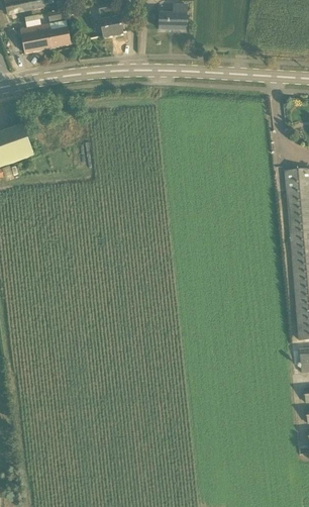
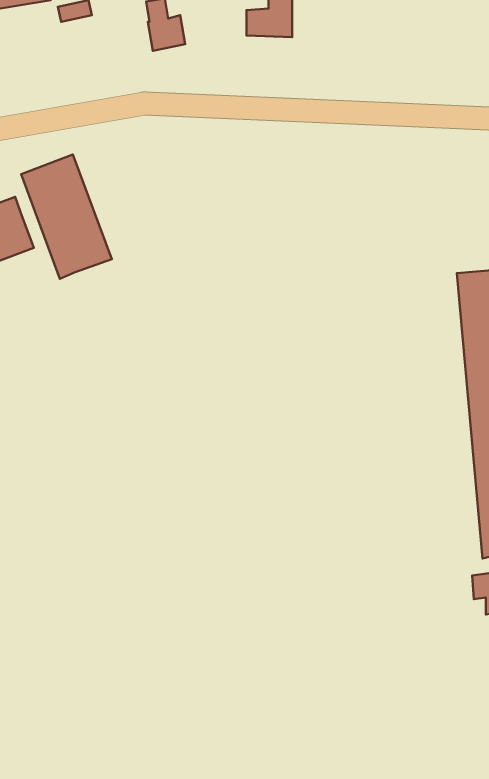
building: [20,21,72,52] -> none
building: none -> [21,155,112,279]

